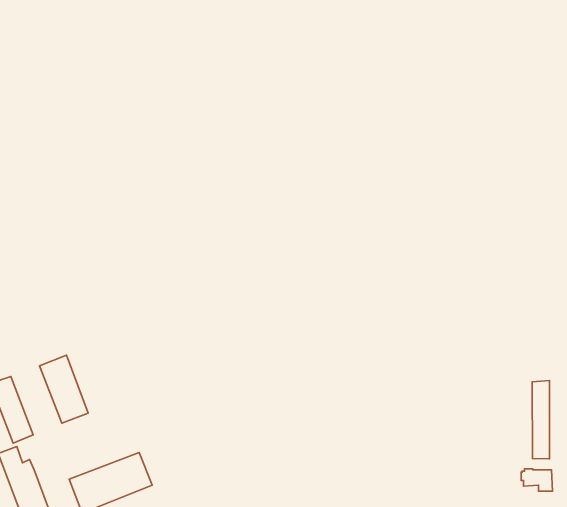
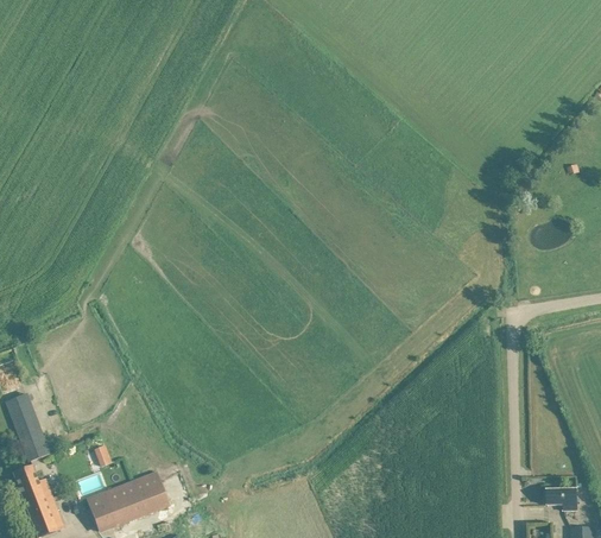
building: [39,355,88,423] -> none
building: [532,380,550,459] -> none

